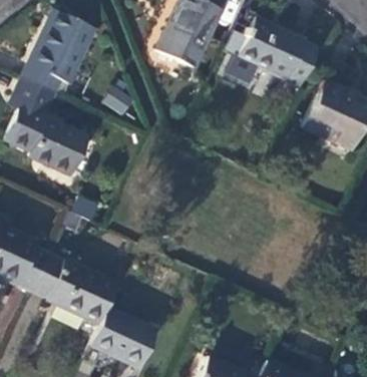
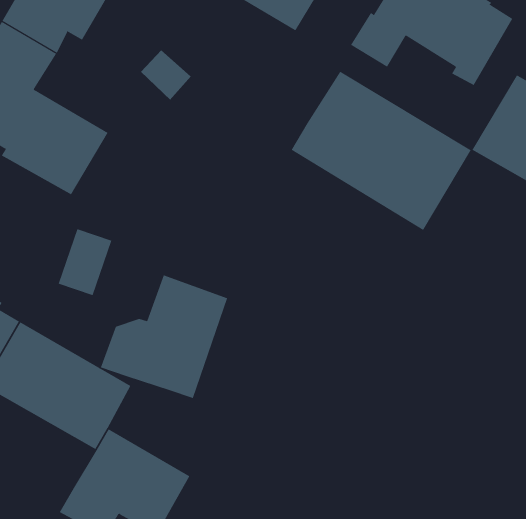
building: none -> [291,71,472,231]
building: none -> [100,275,228,399]

